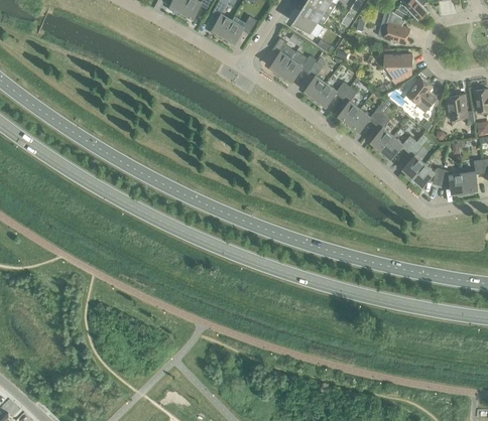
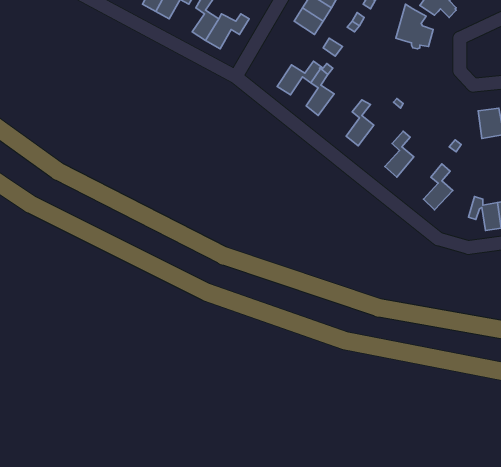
building: [269,37,291,77] -> none
building: [385,54,412,86] -> none
building: [406,77,437,112] -> none
building: [314,82,350,108] -> none
building: [347,108,384,134] -> none
building: [379,135,416,160] -> none
building: [410,163,444,188] -> none

